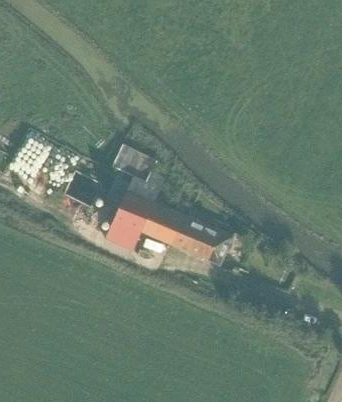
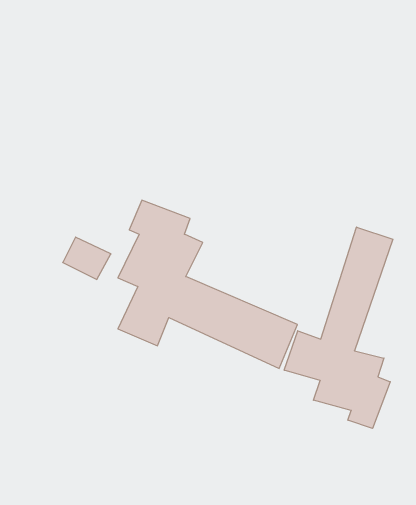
building: none -> [284,227,393,428]

